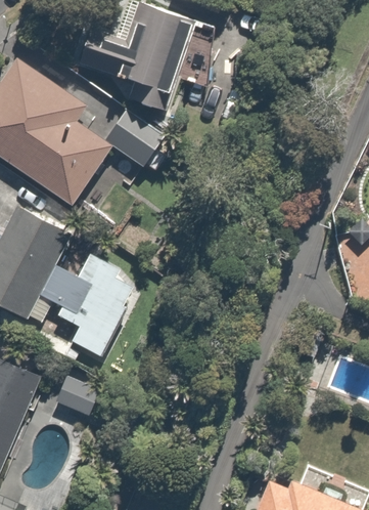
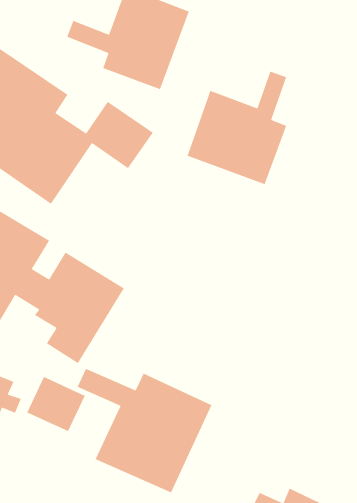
building: none -> [186,71,287,185]
building: none -> [76,368,213,494]

